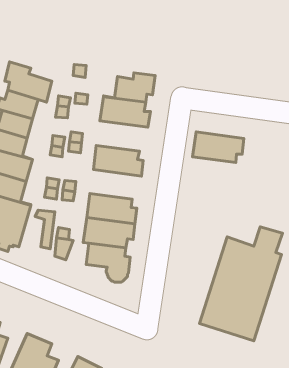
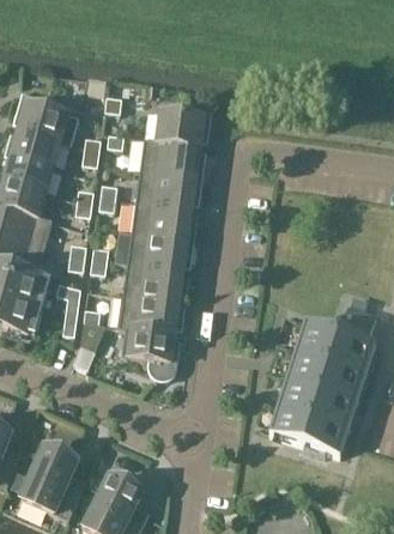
building: [192,132,244,162] -> [135,166,202,206]
building: none -> [127,230,194,268]

